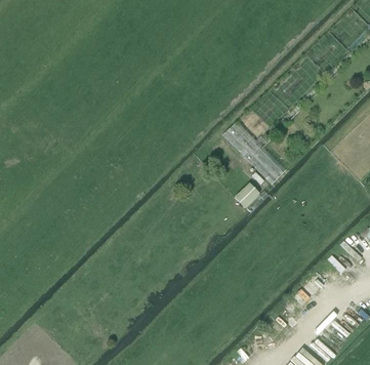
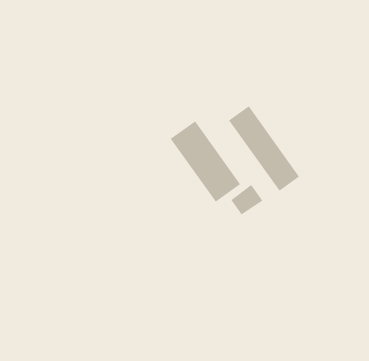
building: none -> [170,121,241,203]

